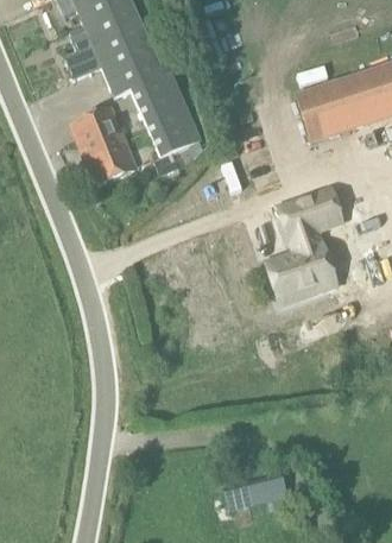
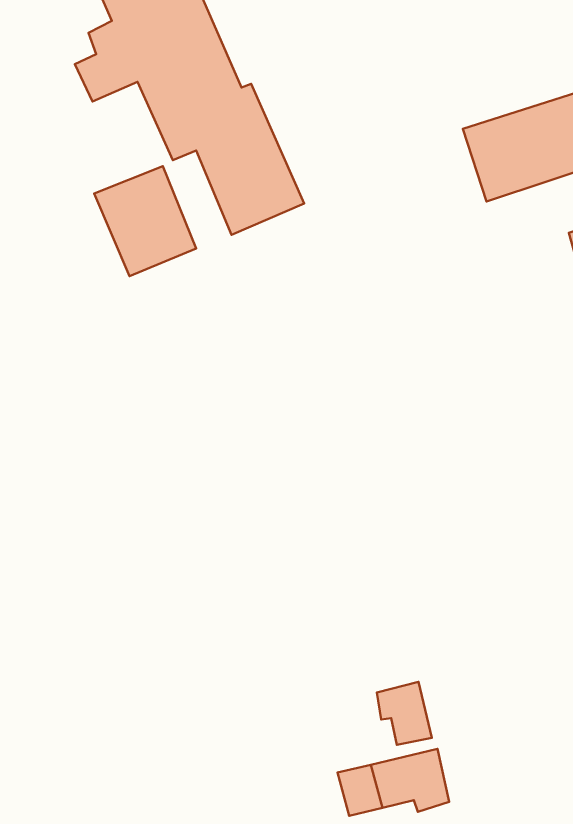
building: [265,187,343,304] -> none
building: none -> [377,682,432,745]

